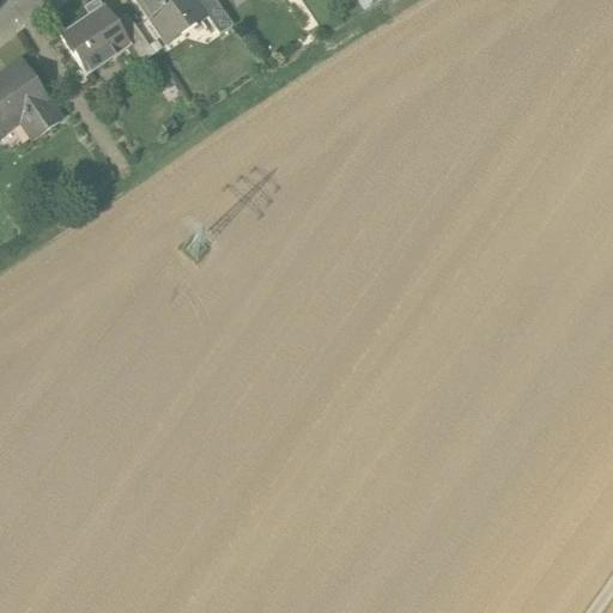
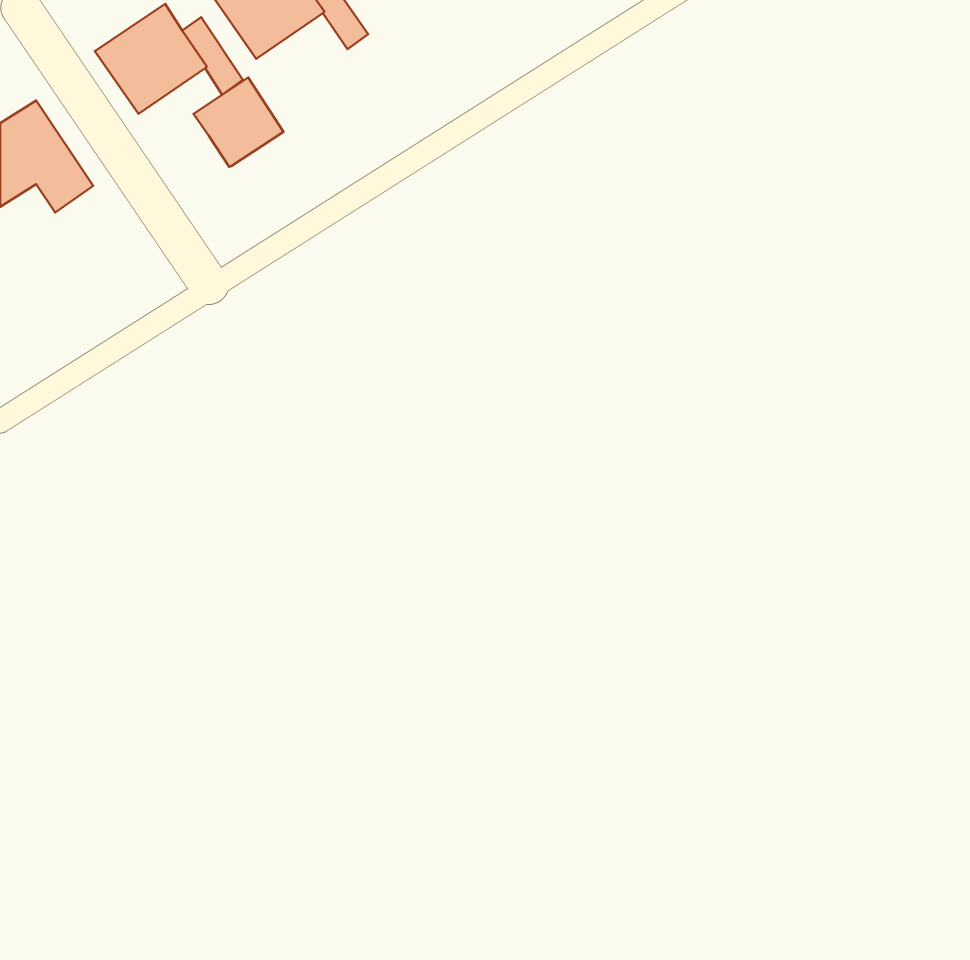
building: none -> [193,77,283,167]

